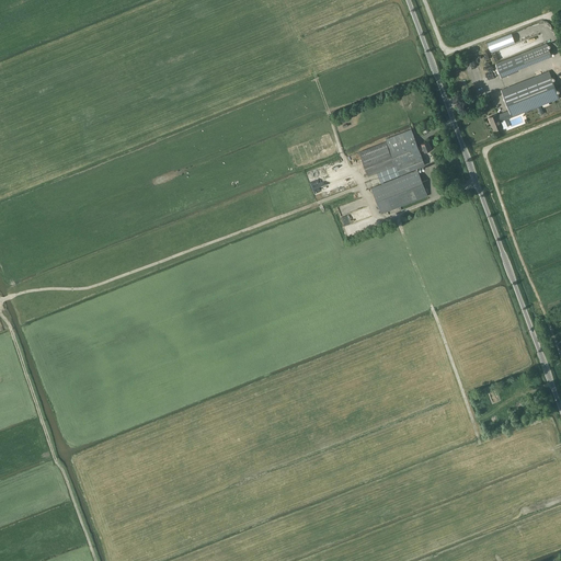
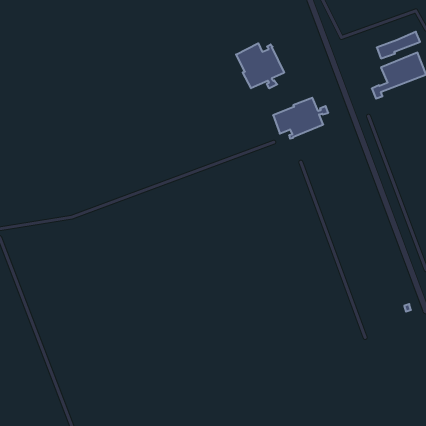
building: none -> [236,43,284,88]
building: [370,169,427,213] -> none

